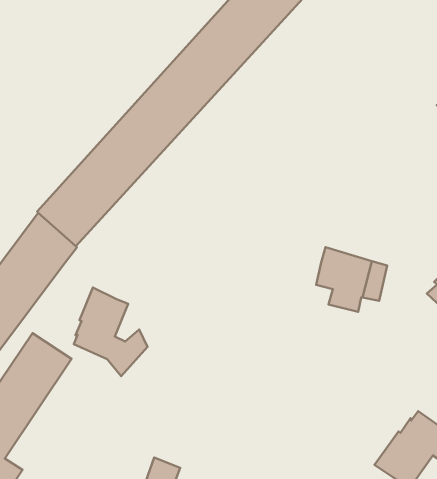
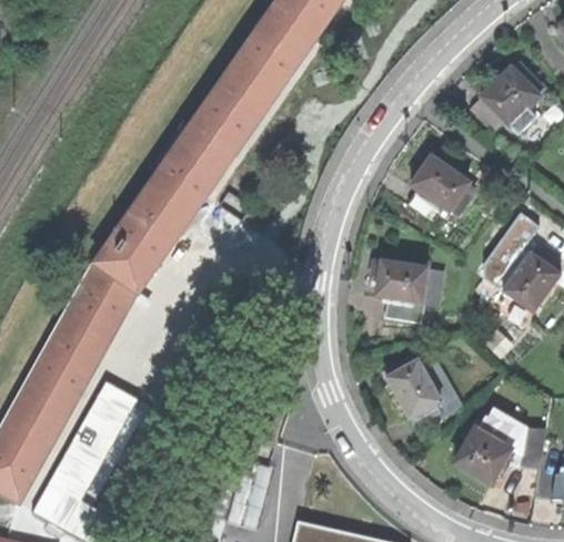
building: none -> [407,156,473,221]
building: [74,288,147,376] -> none
building: none -> [385,359,442,432]

